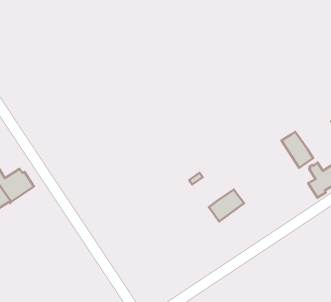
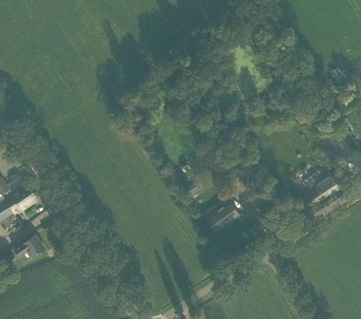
building: [281,132,313,168] -> none
building: none -> [15,232,43,260]

